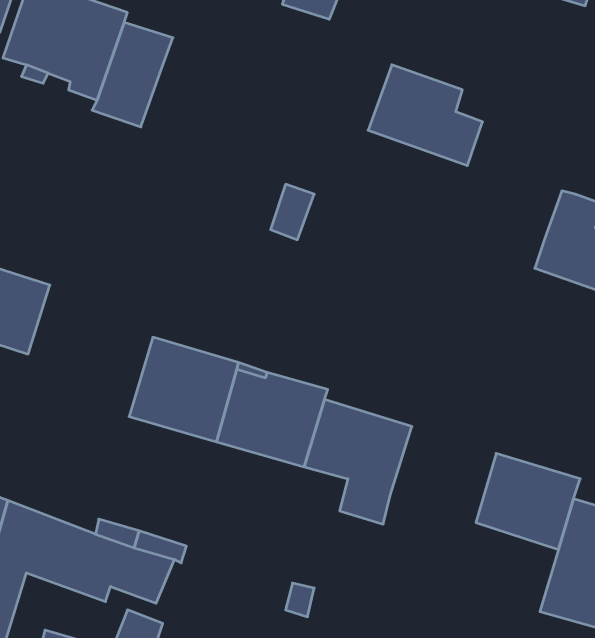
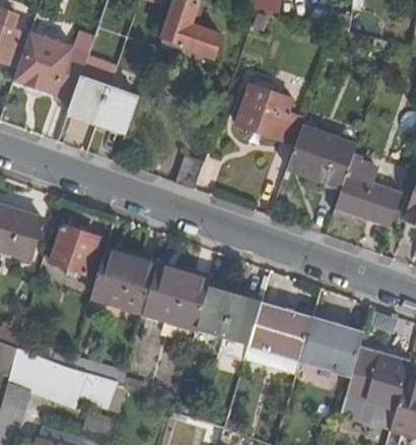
building: none -> [98,87,139,132]
building: none -> [288,119,357,189]
building: none -> [51,225,99,272]
building: none -> [249,303,313,361]

